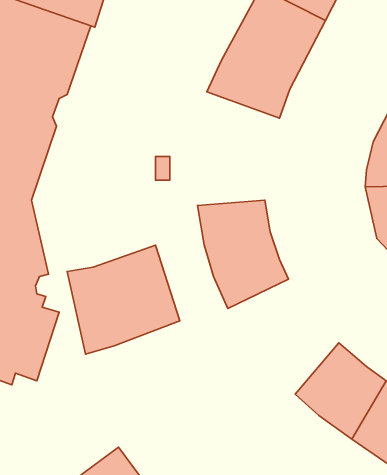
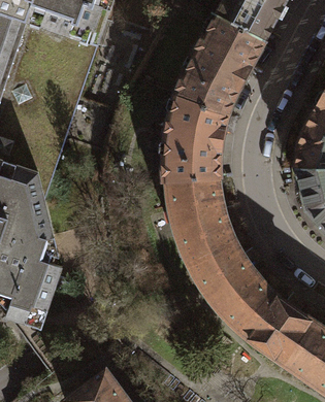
building: none -> [162,94,229,182]
building: [67,245,180,354] -> none
building: none -> [189,240,275,330]

